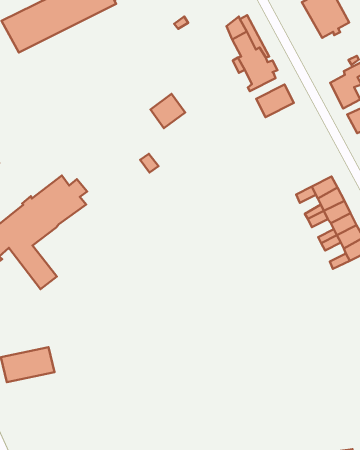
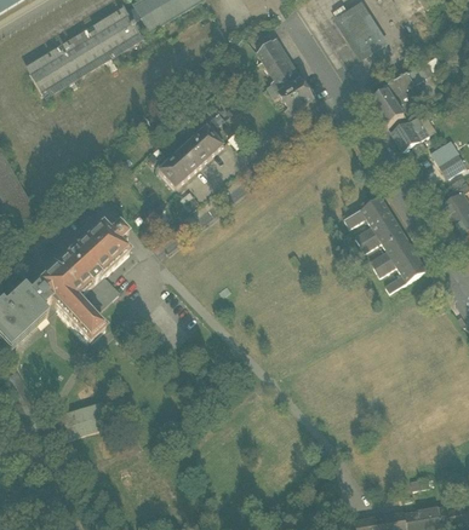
building: [256,85,294,117] -> none
building: none -> [159,144,201,186]
building: none -> [75,275,118,312]

